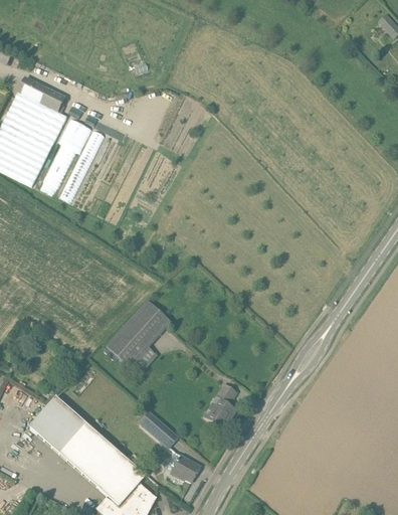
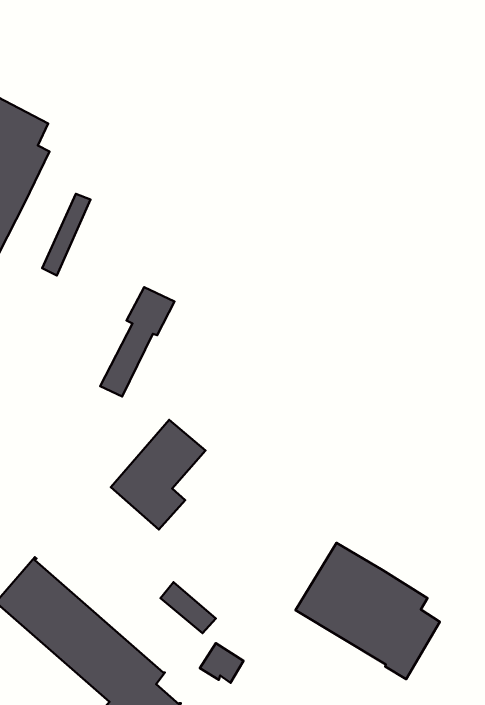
building: [39,118,90,193] -> [100,287,175,396]
building: none -> [295,543,440,679]
building: [204,392,236,430] -> none

